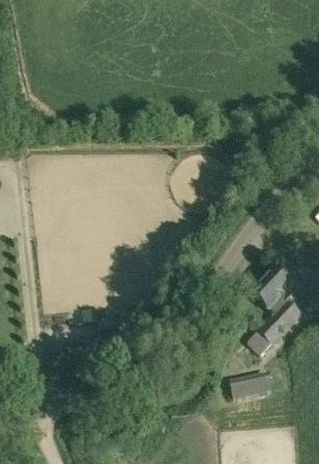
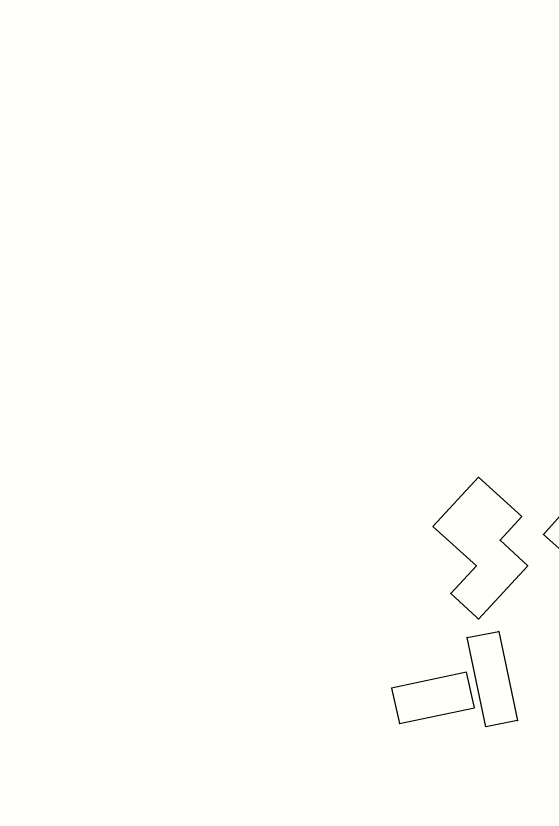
building: none -> [467,631,518,727]

